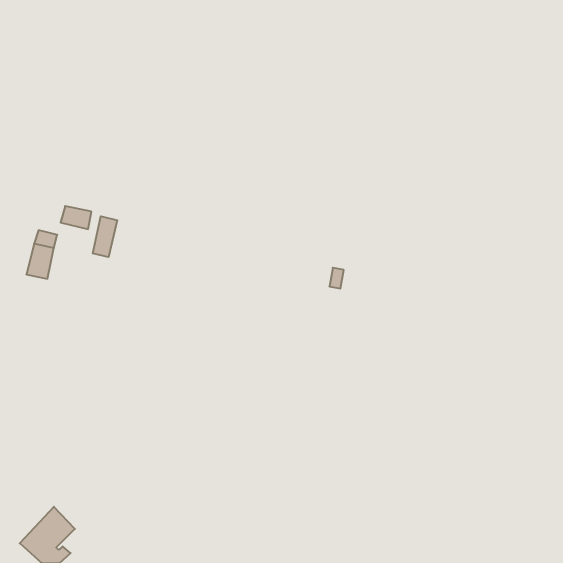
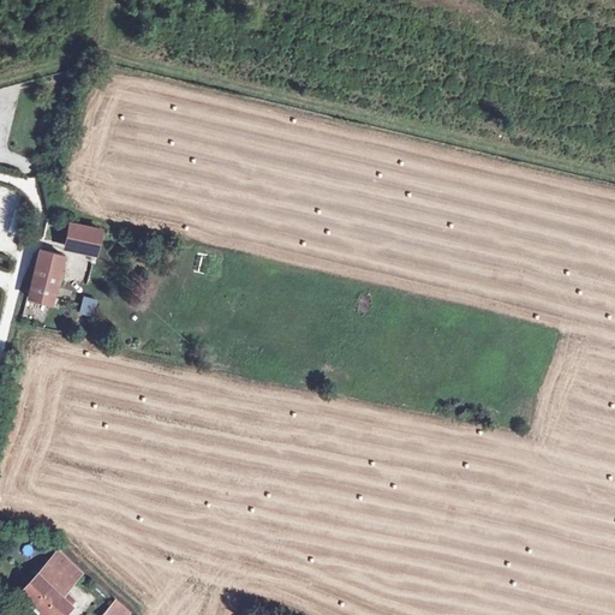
building: [93,216,117,257] -> none

